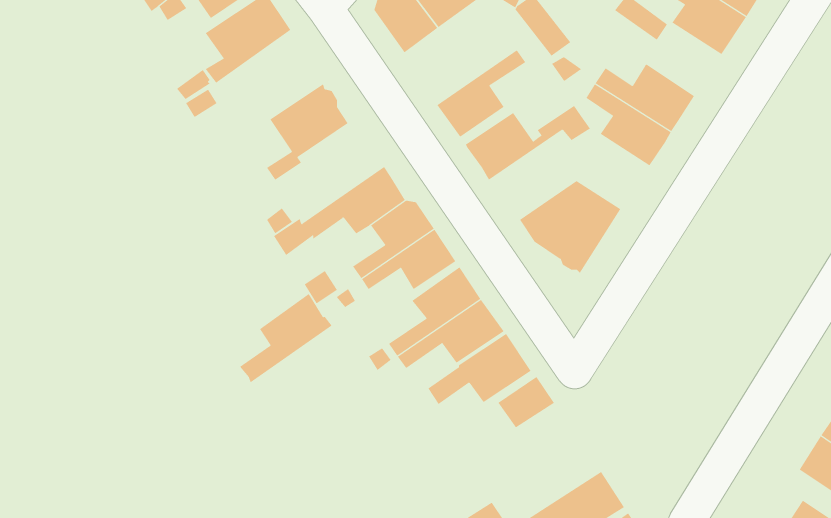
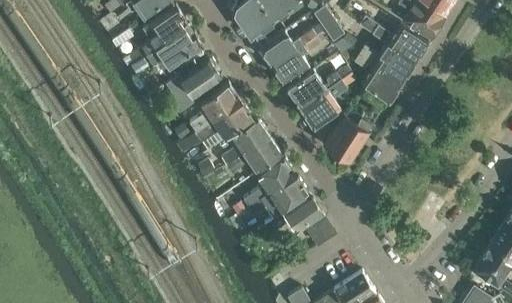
building: none -> [359,18,427,63]
building: none -> [146,26,204,75]
building: none -> [258,28,318,68]
building: none -> [299,82,346,129]
building: [239,293,333,383] -> [189,84,241,134]

